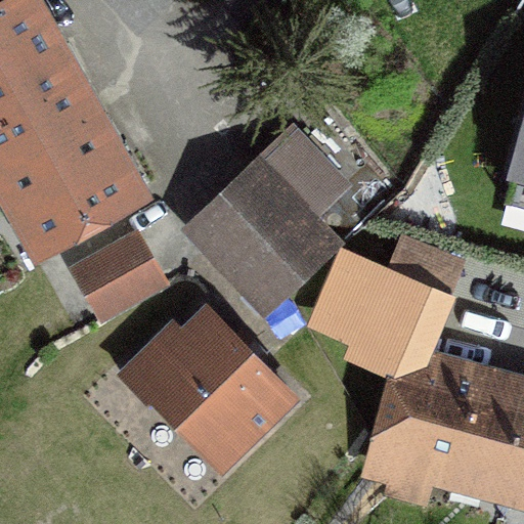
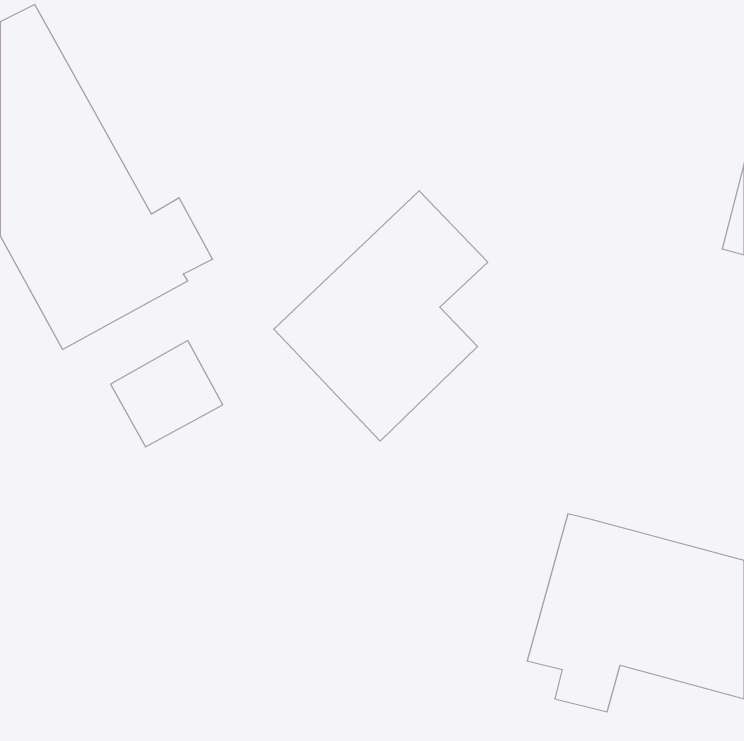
building: [318,251,454,367] -> none
building: [123,313,291,463] -> none

